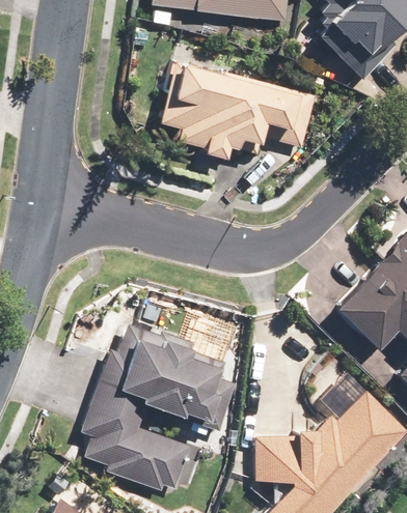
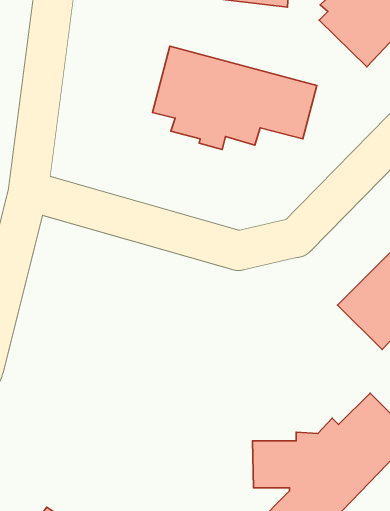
building: [81,324,227,491] -> none

